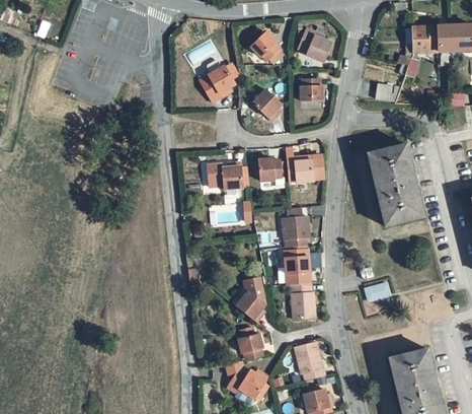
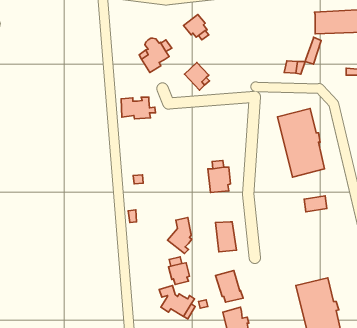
building: [299,25,331,61] -> none
building: [301,80,322,102] -> none
building: [289,153,325,180] -> none
building: [259,157,283,181] -> none
building: [206,163,247,190] -> [121,97,156,119]
building: [285,248,310,283] -> none
building: [363,280,390,299] -> [304,196,327,212]

